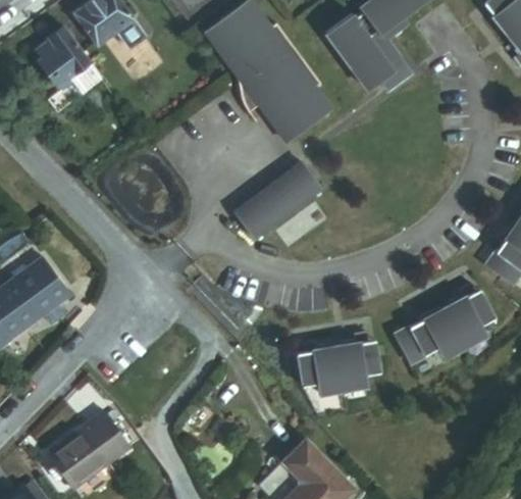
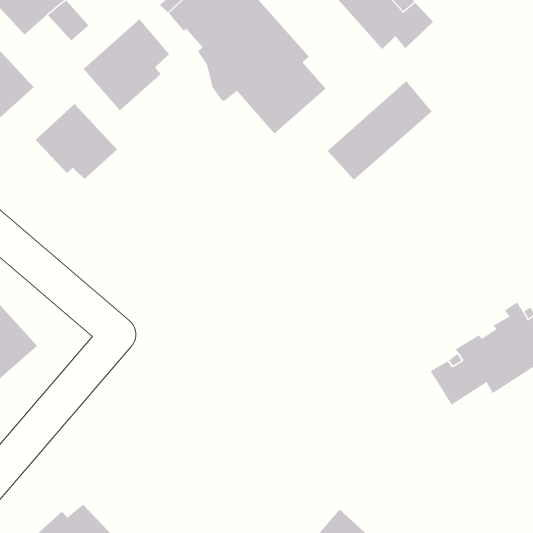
building: none -> [83,18,170,111]
building: none -> [35,103,118,180]
building: [249,155,335,231] -> [327,80,432,180]
building: [296,335,378,399] -> none

